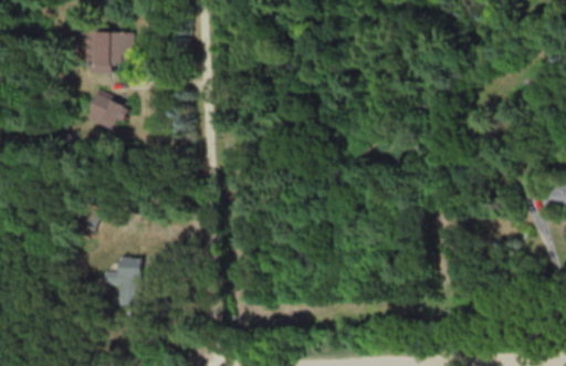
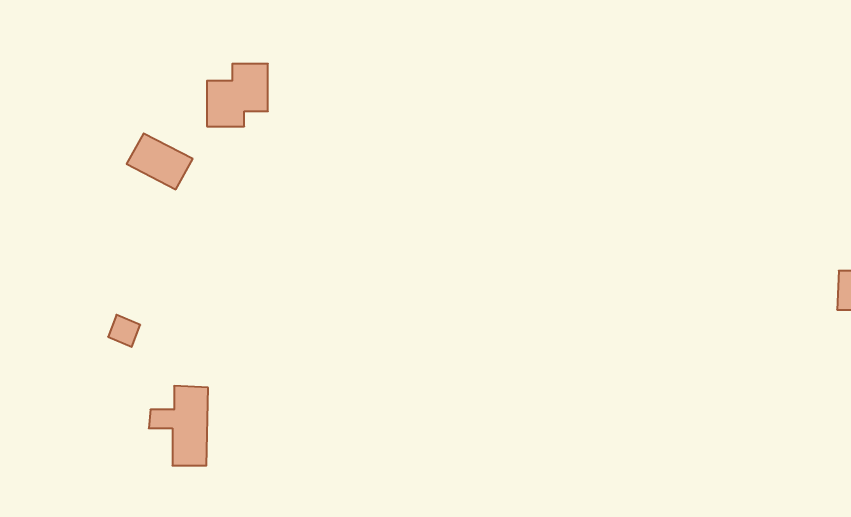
building: [91,31,130,72] -> [207,64,268,126]

